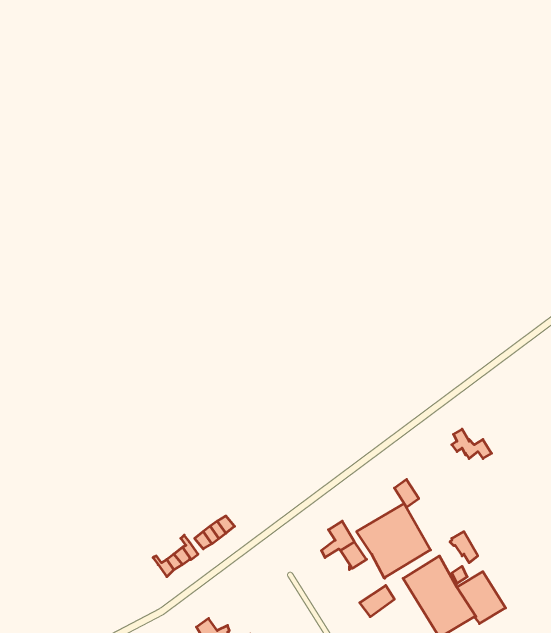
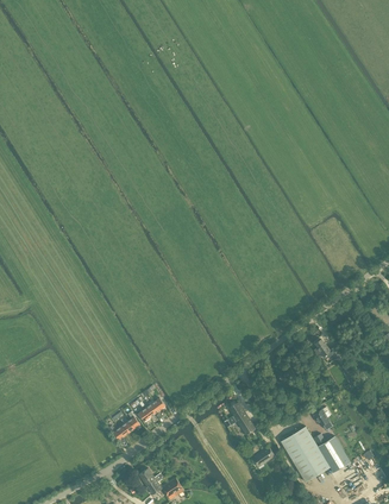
building: [357,504,431,578] -> none

